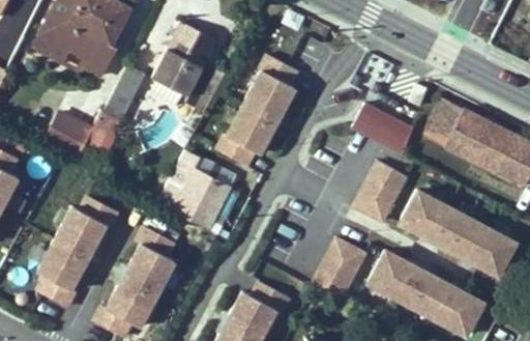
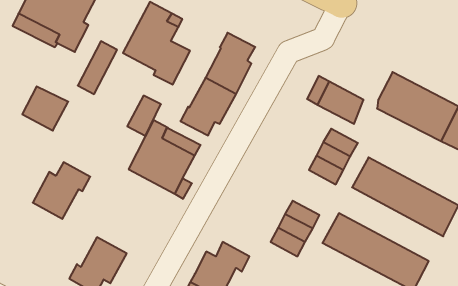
building: [85,113,121,157] -> [127,96,161,136]
building: [124,226,174,294] -> none
building: [37,239,87,307] -> none

